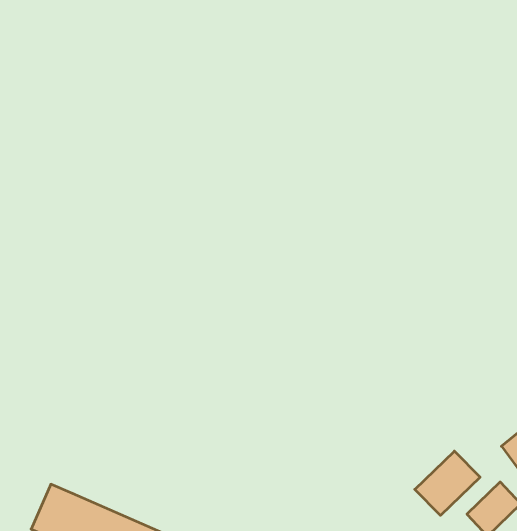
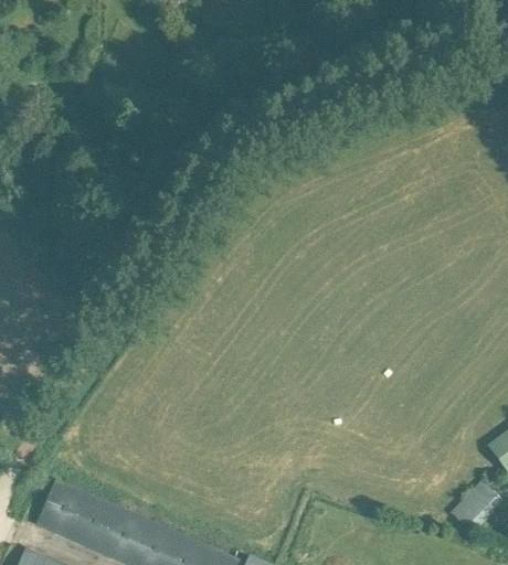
building: [415,451,480,515] -> none

